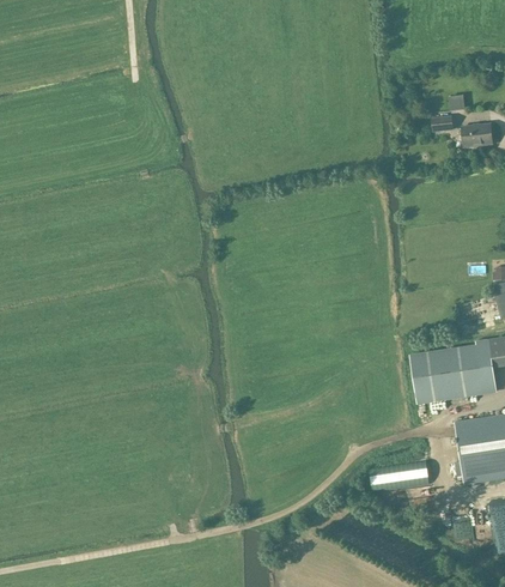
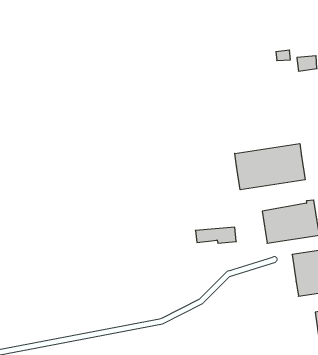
building: none -> [235,144,305,190]
building: [371,461,432,485] -> [195,227,236,243]

